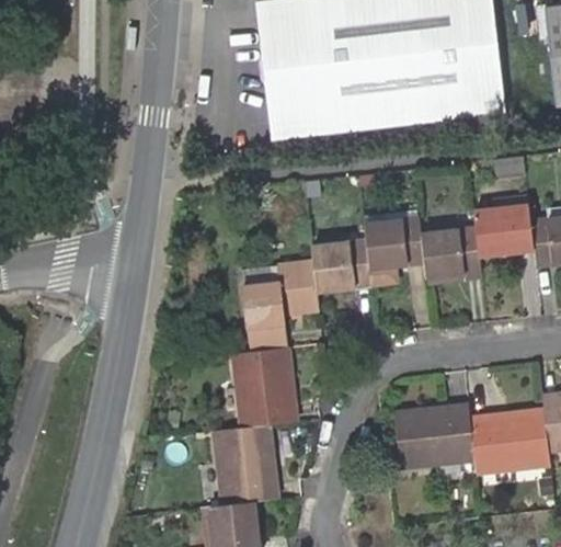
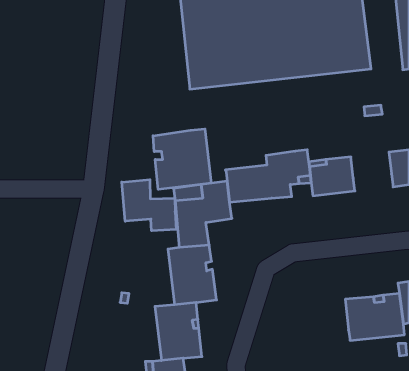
building: none -> [153,129,211,189]
building: [479,207,536,255] -> none
building: none -> [122,180,176,231]
building: [399,407,478,469] -> none

